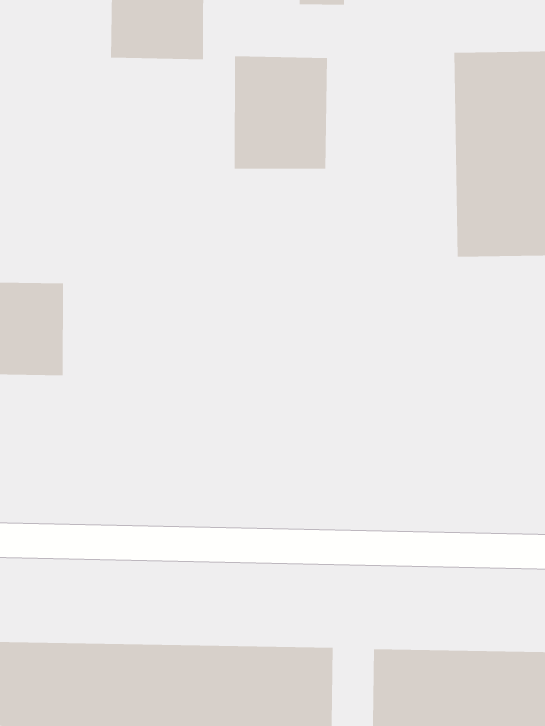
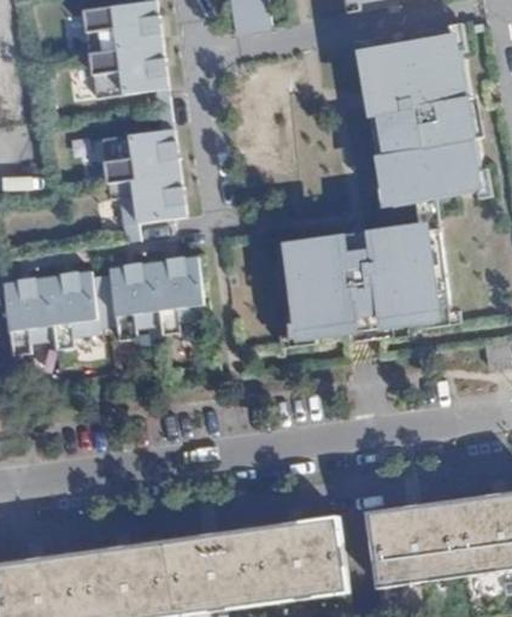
building: [234,56,328,169] -> [104,129,187,224]
building: none -> [112,257,207,339]
building: none -> [278,223,440,345]

